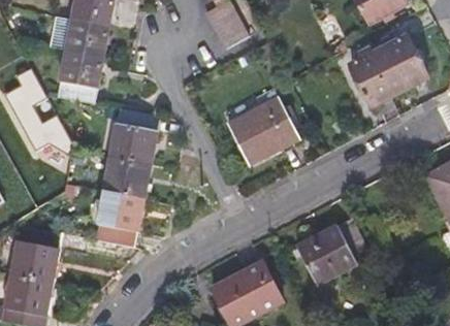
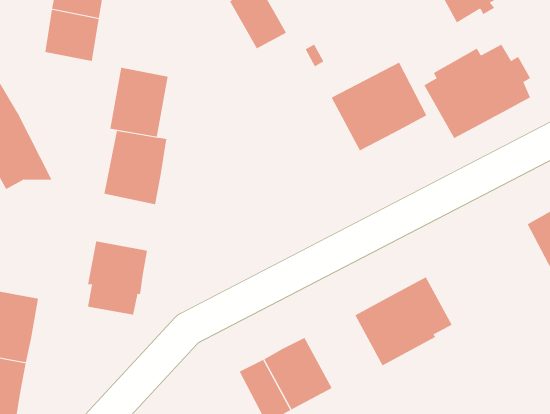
building: [58,47,102,100] -> [109,67,169,137]
building: [225,96,297,163] -> [331,62,427,151]
building: [104,154,150,196] -> none

